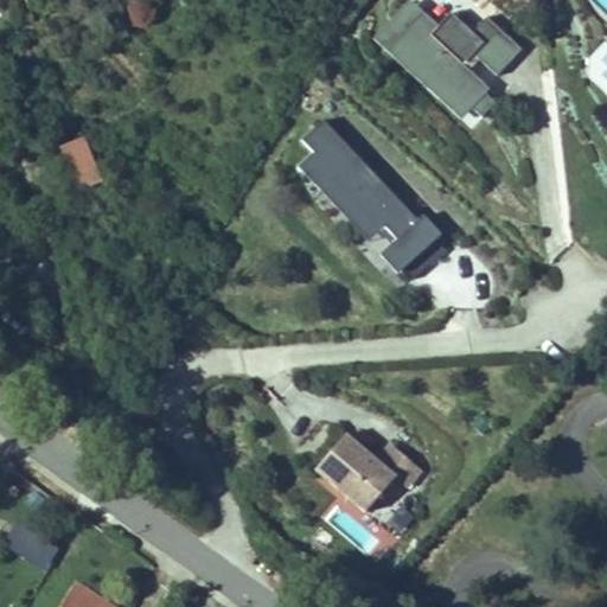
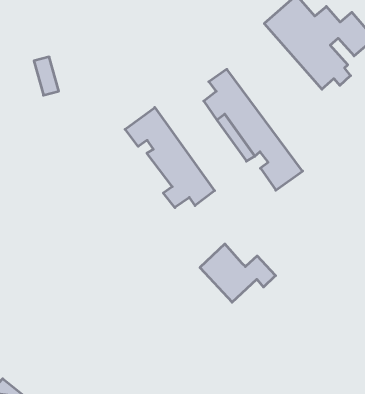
building: none -> [125,107,215,208]
building: [319,429,423,507] -> [200,244,276,302]

